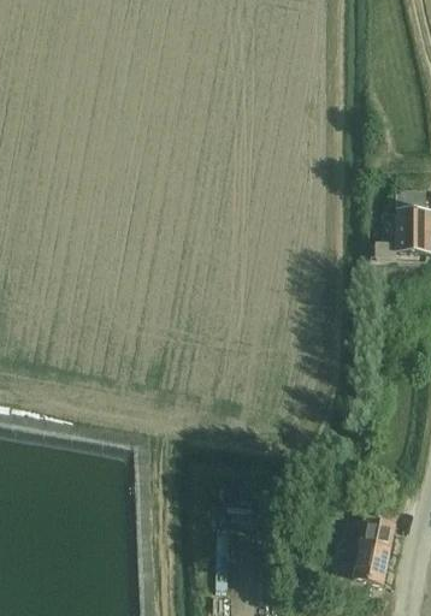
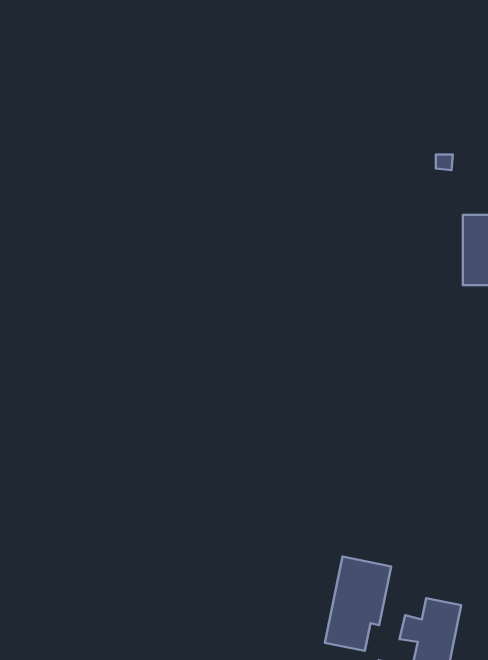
building: none -> [325,557,391,651]

